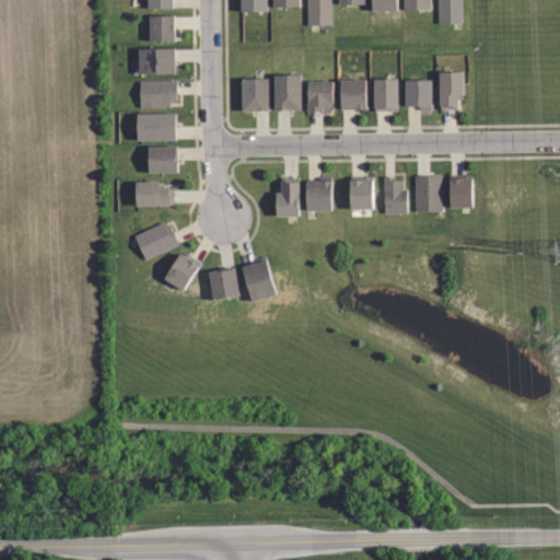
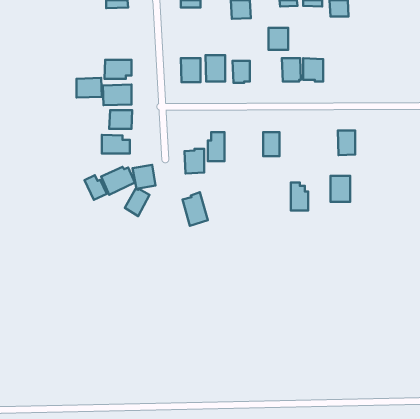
building: [148,15,172,39] -> none
building: [139,48,173,74] -> [76,78,102,98]
building: [441,72,465,109] -> none
building: [338,80,364,109] -> [268,28,288,50]
building: [384,176,407,213] -> [291,183,308,210]
building: [416,176,442,211] -> [330,176,350,202]
building: [306,178,332,211] -> [185,149,204,173]
building: none -> [85,175,107,200]
building: [209,268,240,300] -> [132,165,155,189]

